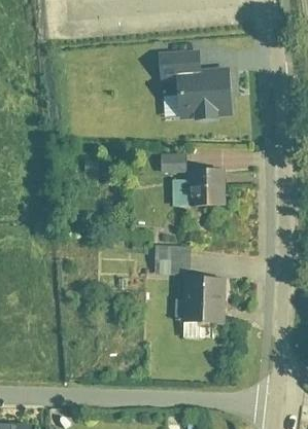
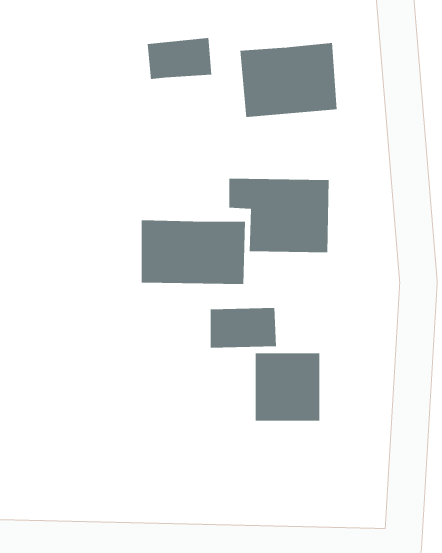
building: [156,48,199,76] -> [147,37,212,80]
building: none -> [141,219,245,285]

